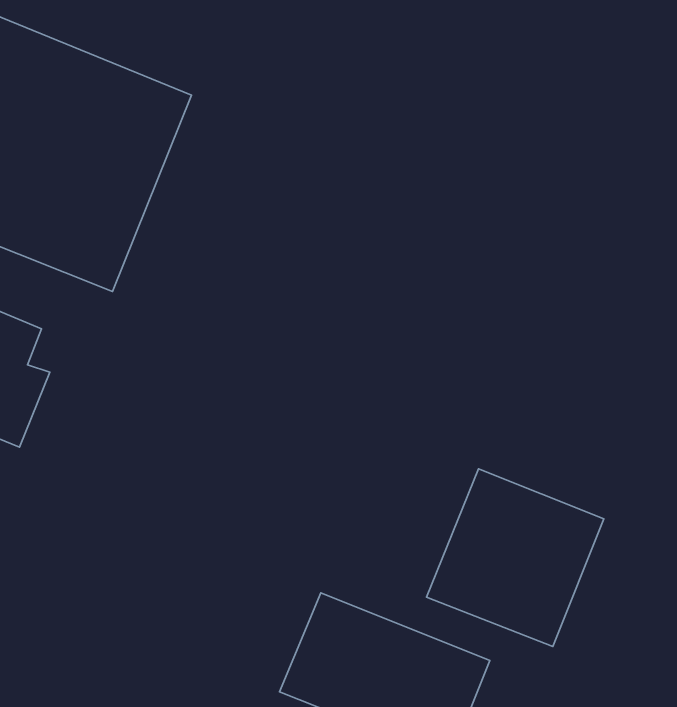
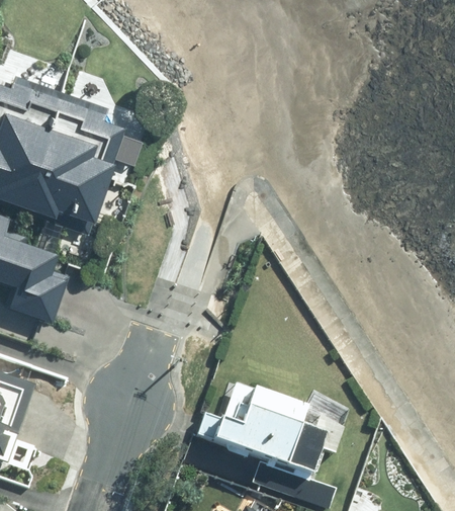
building: [426,469,604,646] -> none

